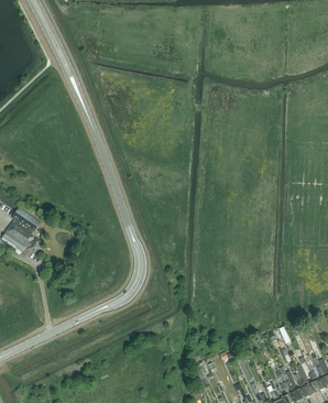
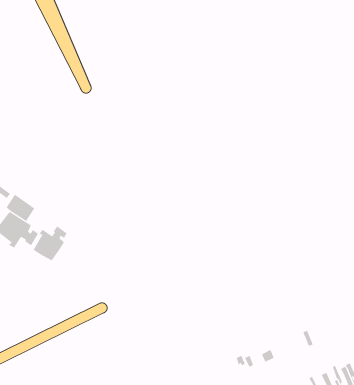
building: none -> [33,225,67,261]

